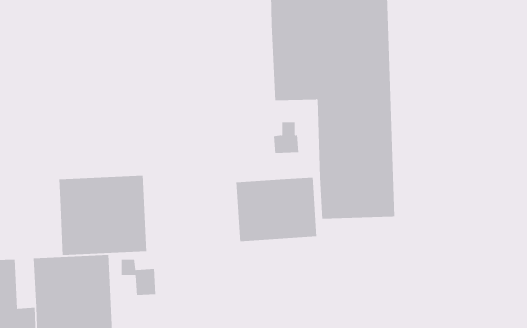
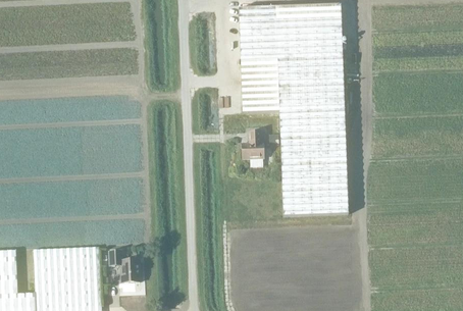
building: [59,175,147,256] -> none
building: [236,177,317,242] -> none

